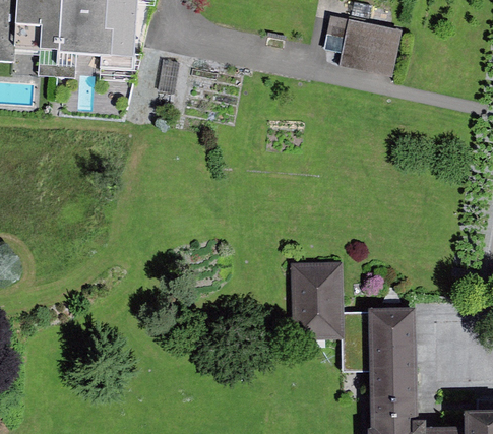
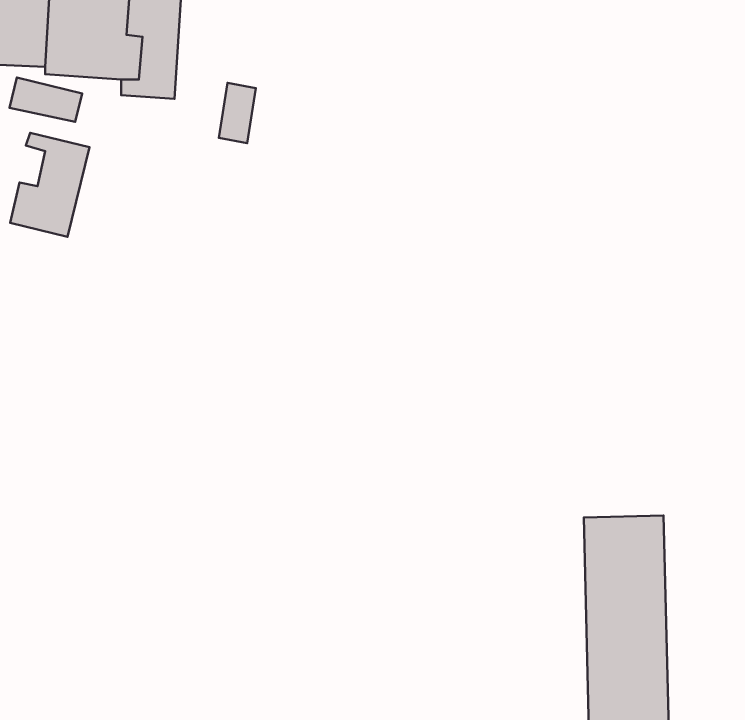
building: [321,15,402,75] -> none
building: none -> [10,133,89,237]
building: [289,258,341,332] -> none

